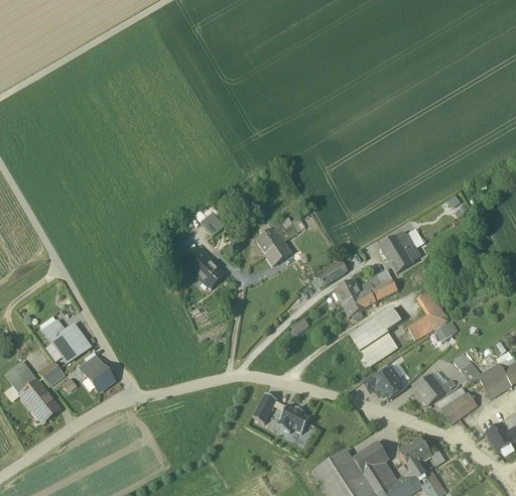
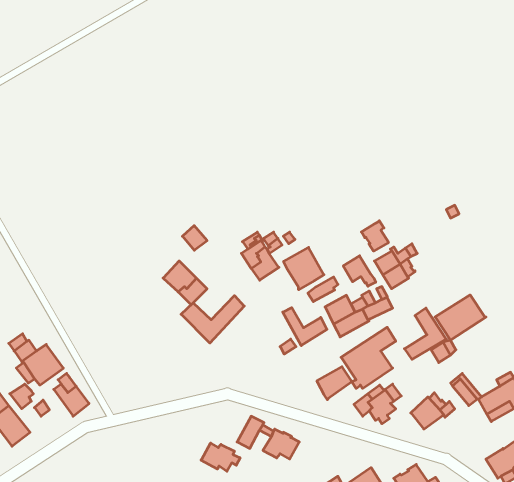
building: none -> [361,221,388,251]
building: none -> [284,247,324,290]
building: none -> [343,256,376,286]
building: none -> [435,295,486,340]
building: none -> [181,296,244,343]
building: none -> [283,308,327,346]
building: none -> [317,367,352,400]
building: [432,386,477,423] -> none
building: none -> [201,443,240,471]

